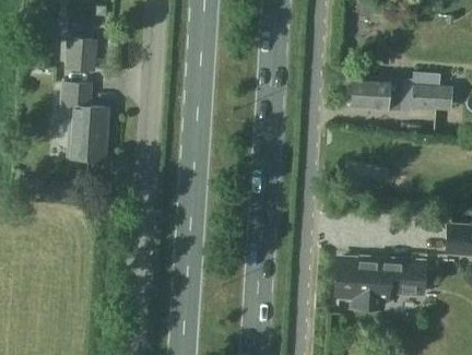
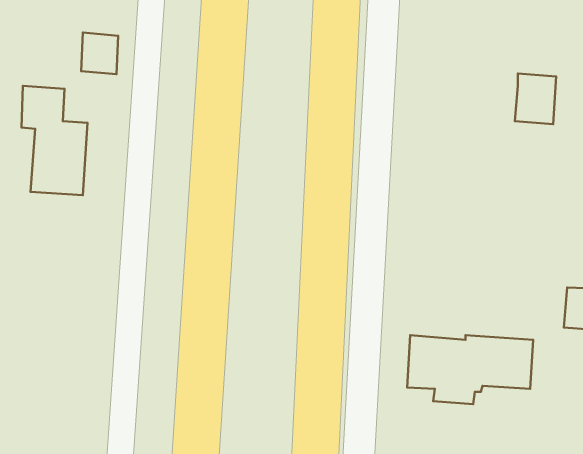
building: [68,40,94,70] -> [81,33,118,74]
building: [352,78,414,111] -> none

